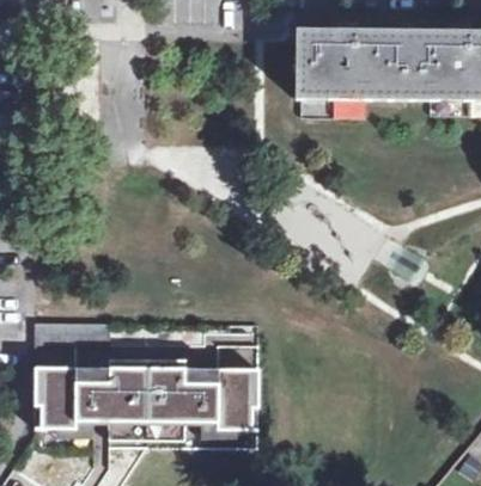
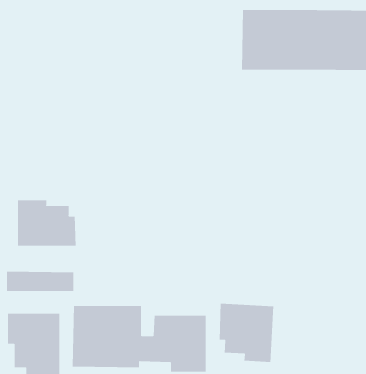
building: none -> [18,199,76,246]
building: none -> [219,303,274,363]

